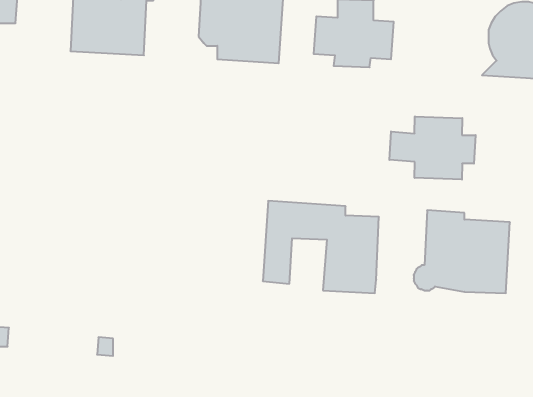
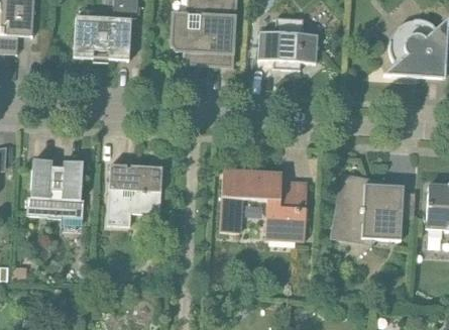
building: [389,116,476,180] -> none
building: none -> [26,158,84,218]
building: none -> [107,163,162,225]

